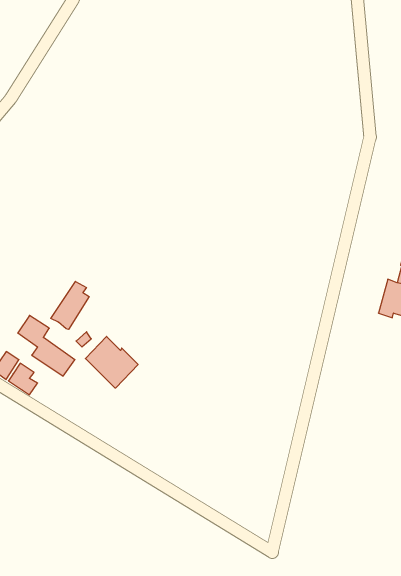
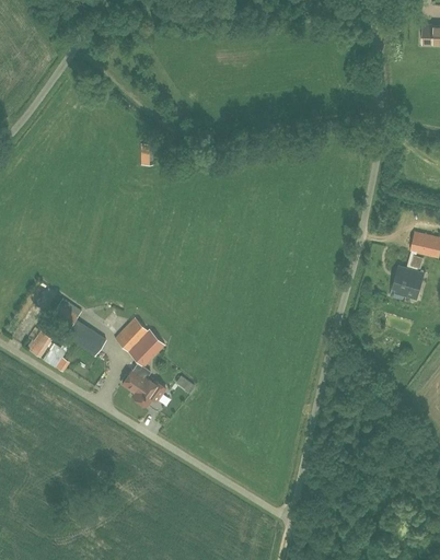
building: [51,281,89,329] -> none
building: none -> [121,365,165,406]

